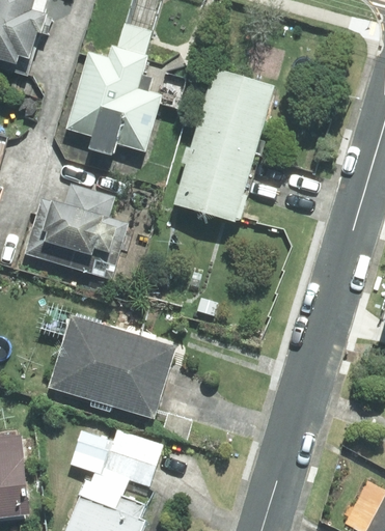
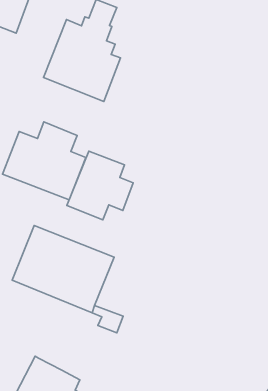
building: [173,68,272,221] -> none
building: none -> [67,151,133,220]
building: [70,429,162,495] -> none

